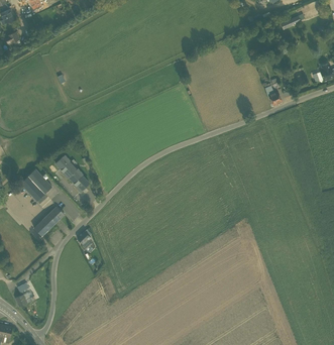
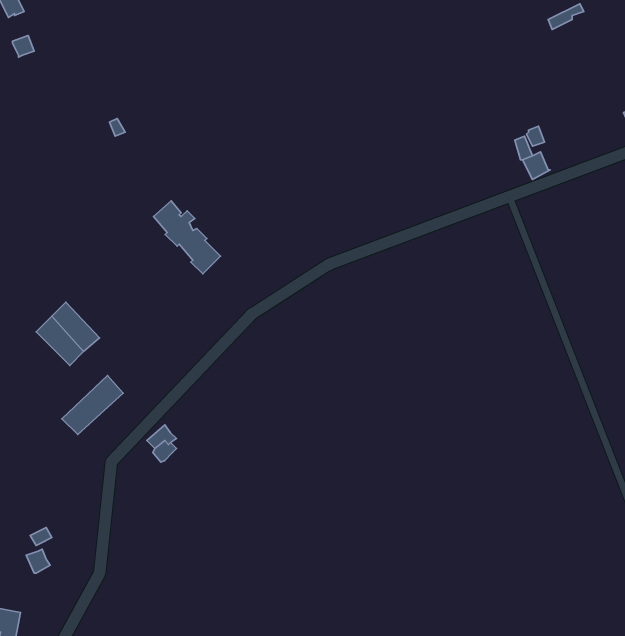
building: [55,154,90,192] -> [153,201,221,274]

